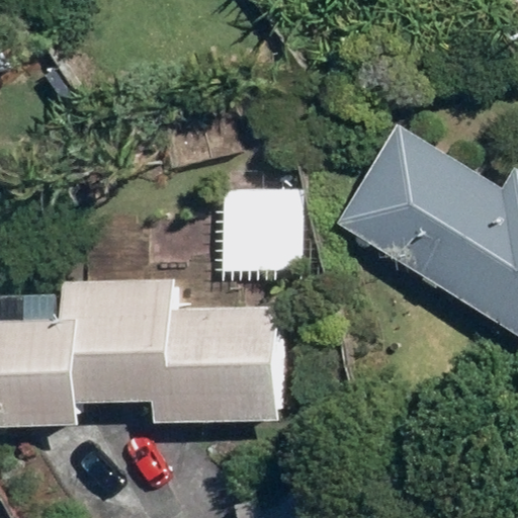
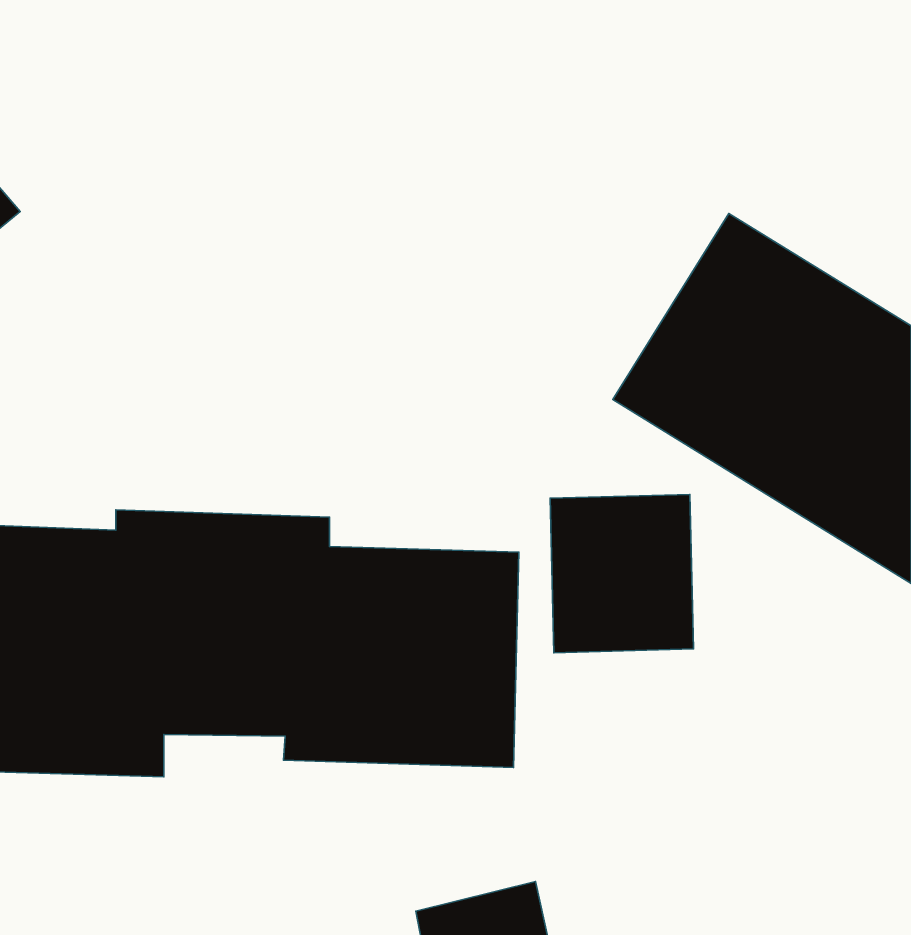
building: [221,186,299,273] -> [550,494,694,653]

